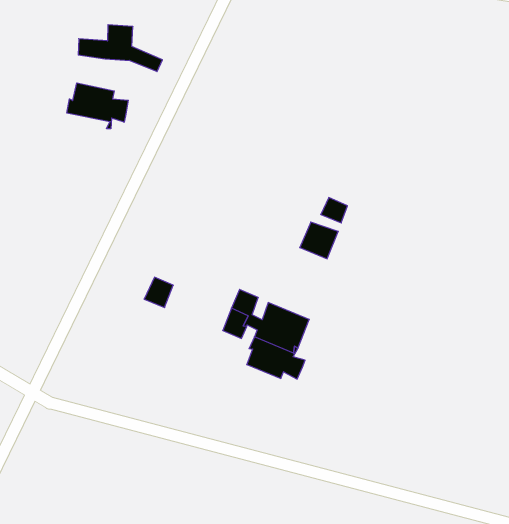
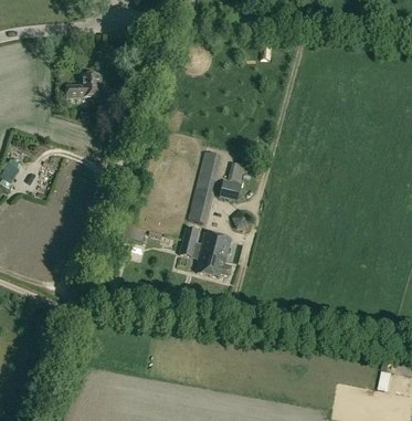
building: [67,83,128,129] -> none
building: none -> [189,150,221,221]

